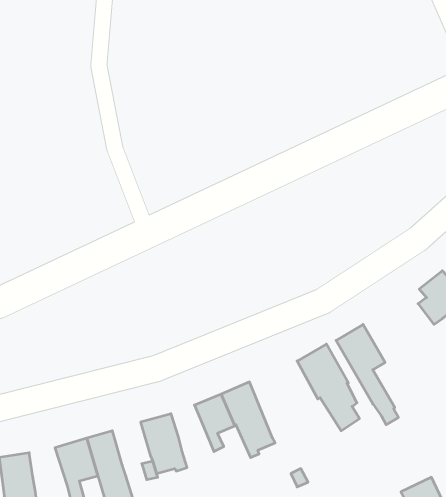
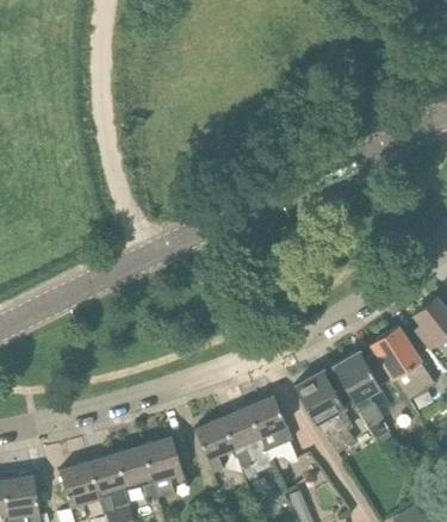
building: none -> [372,327,433,399]
building: none -> [248,396,298,465]
building: none -> [114,446,151,487]

